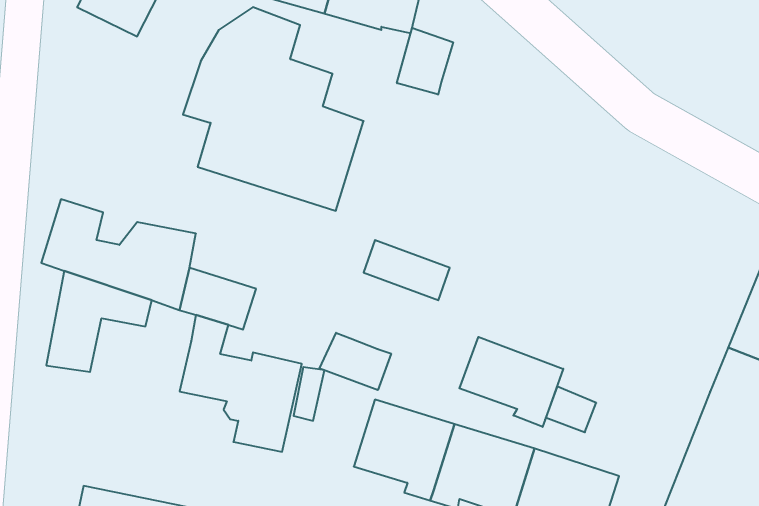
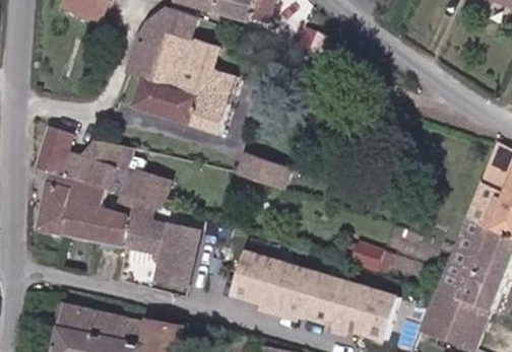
building: [397,28,453,95] -> none
building: none -> [67,200,130,245]
building: [320,333,391,390] -> none
building: [459,337,563,427] -> none

